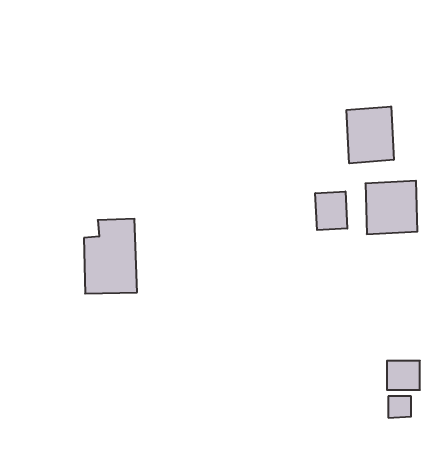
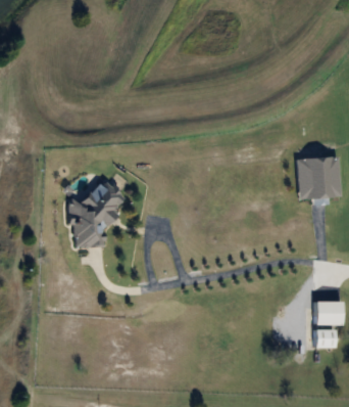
building: [347,106,394,163] -> none
building: [315,191,347,230] -> none

